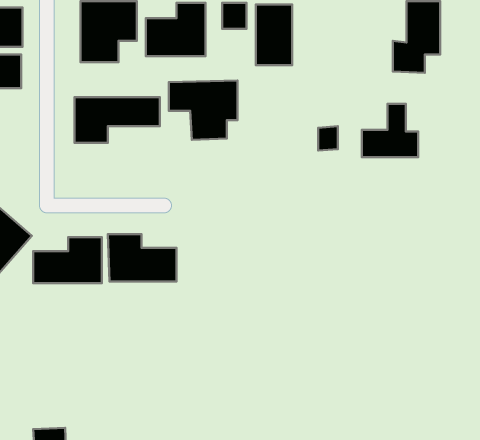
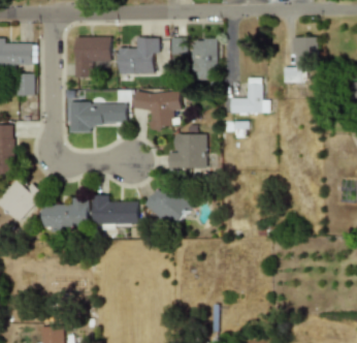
building: [362,104,418,157] -> [231,79,269,115]
building: none -> [168,134,206,169]
building: none -> [144,185,195,228]

